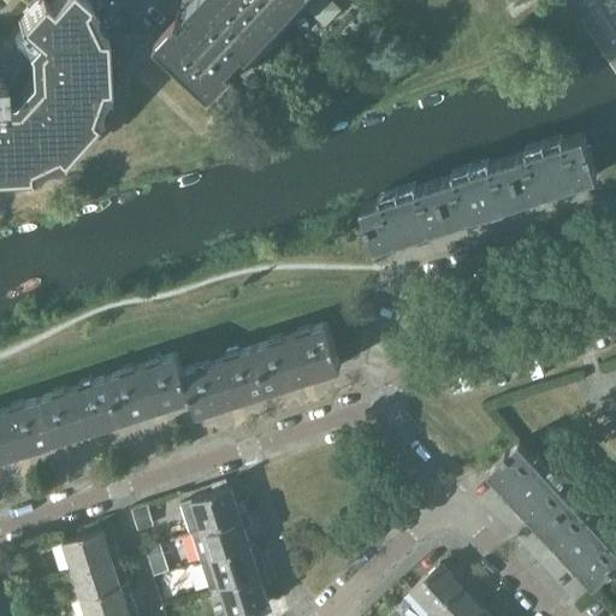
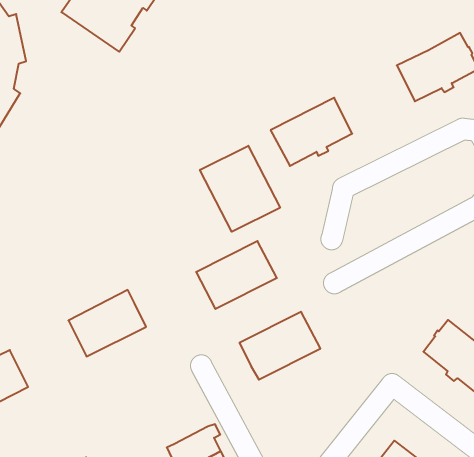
building: [434,165,521,231] -> none
building: none -> [200,146,280,232]
building: [182,354,268,420] -> [239,312,320,380]
building: [38,384,120,449] -> none
building: [179,494,248,540] -> none

